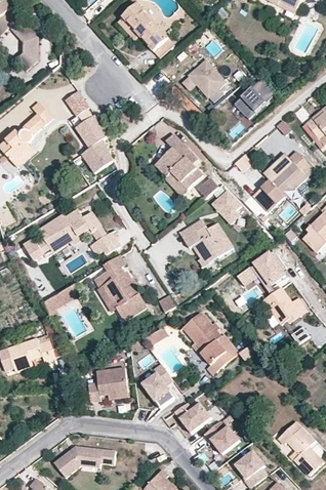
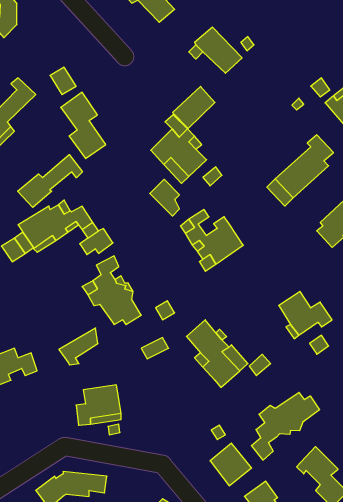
building: [235,79,273,117] -> none
building: none -> [173,86,215,128]
building: none -> [18,155,82,207]
building: [212,190,238,221] -> [150,179,179,216]
building: [236,250,285,286] -> none
building: [41,284,75,316] -> [59,328,98,365]
building: [140,363,171,407] -> none
building: none -> [251,392,320,460]
building: [174,404,210,434] -> none

